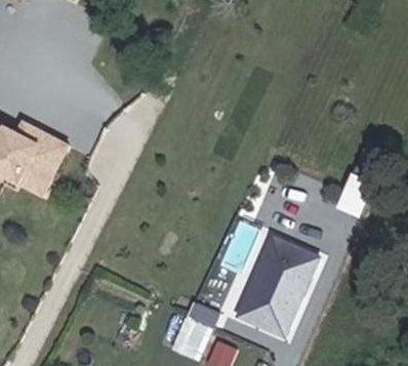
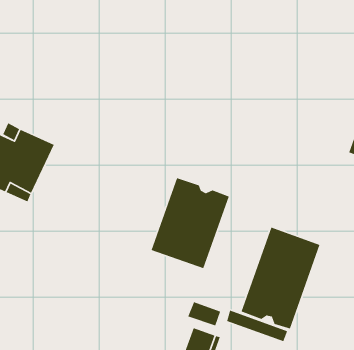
building: none -> [150,177,230,269]

